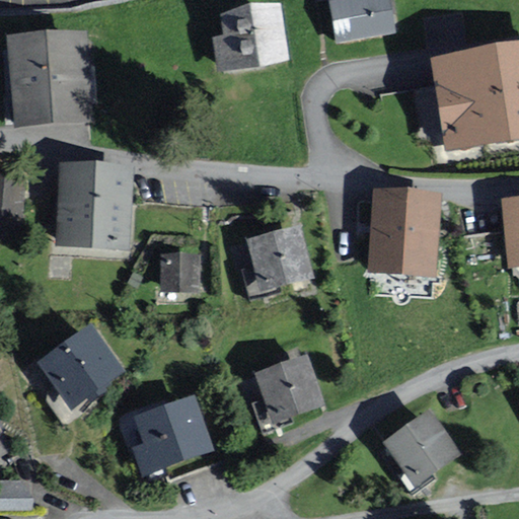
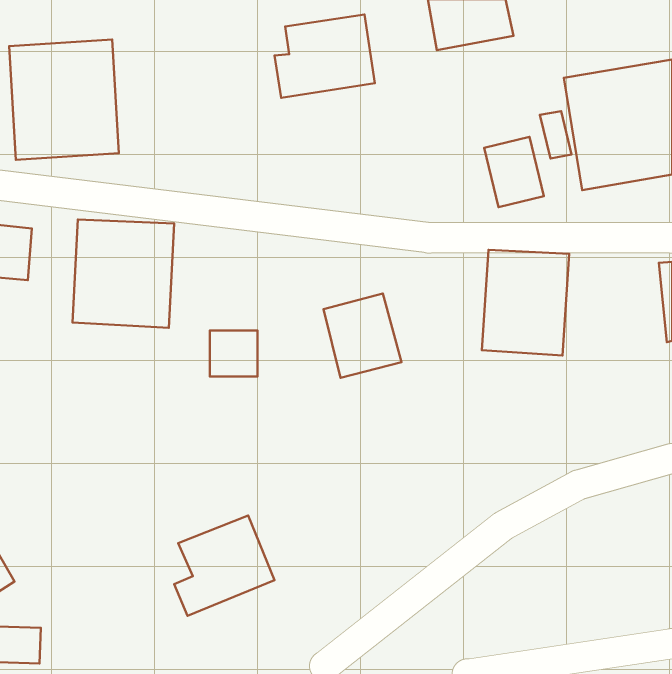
building: none -> [484,137,544,207]
building: [35,322,124,409] -> none
building: [256,356,319,419] -> none
building: [382,407,459,485] -> none

